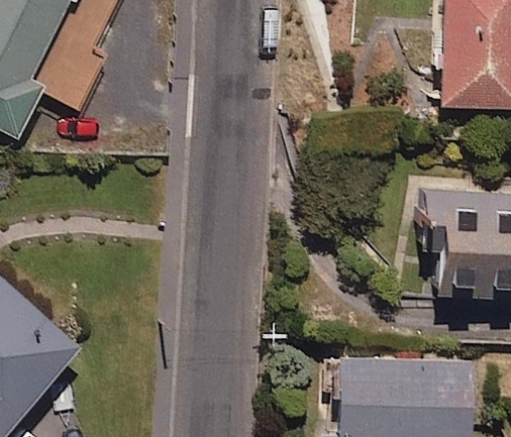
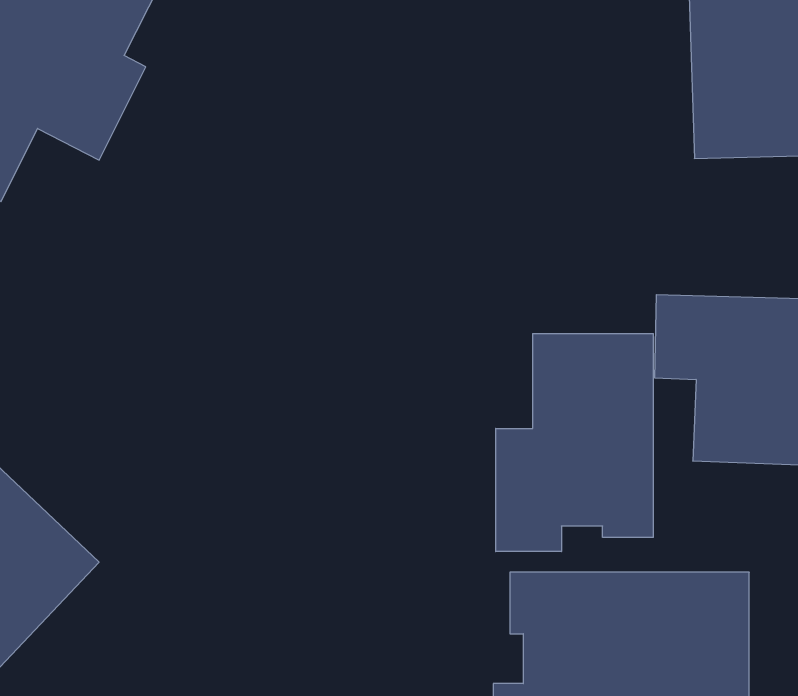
building: none -> [496,334,653,552]

